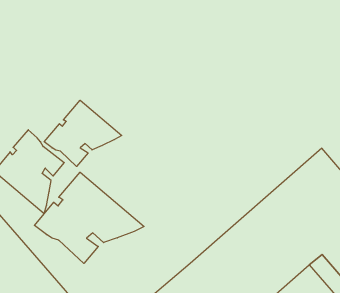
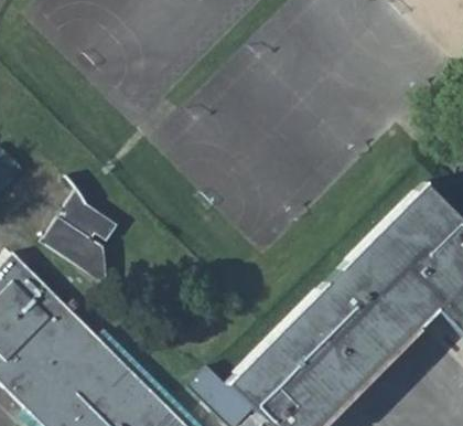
building: [44,100,122,166] -> none
building: [34,172,144,263] -> none

